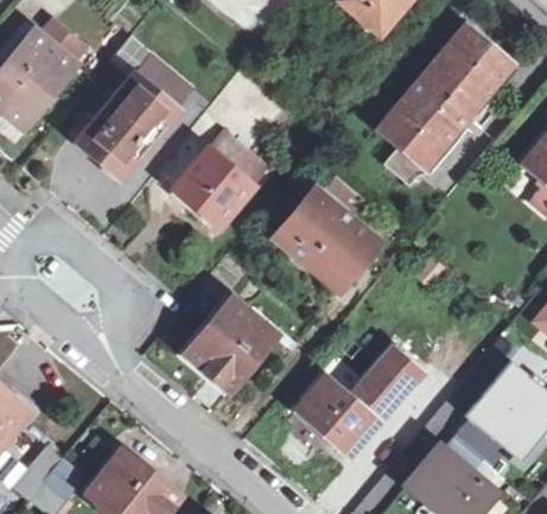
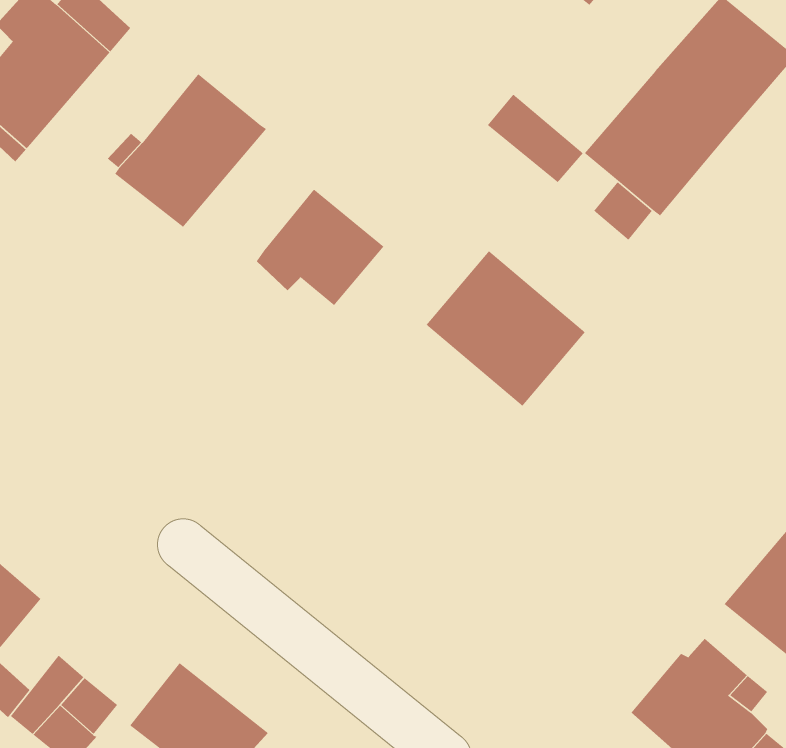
building: [110,39,190,110] -> none
building: [205,131,267,188] -> [487,94,584,183]
building: [187,300,276,389] -> none
building: [298,350,420,455] -> none

